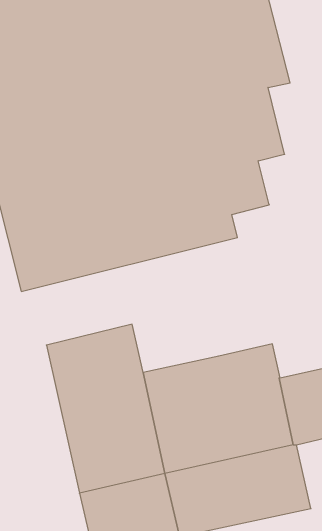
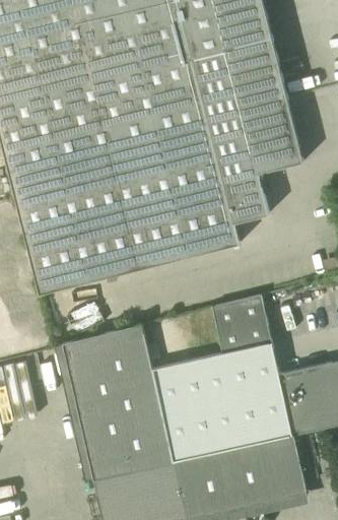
building: none -> [268,101,303,167]
building: none -> [212,295,272,353]

